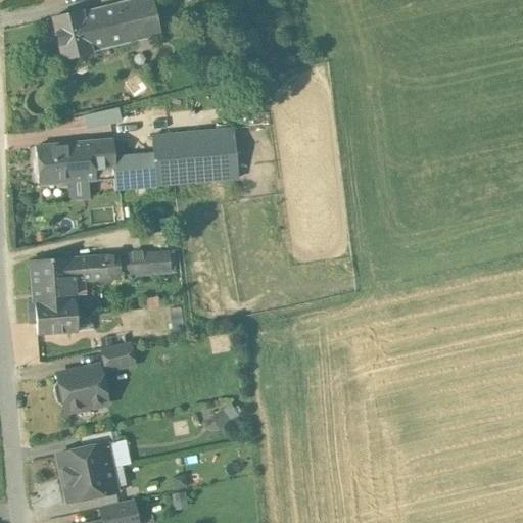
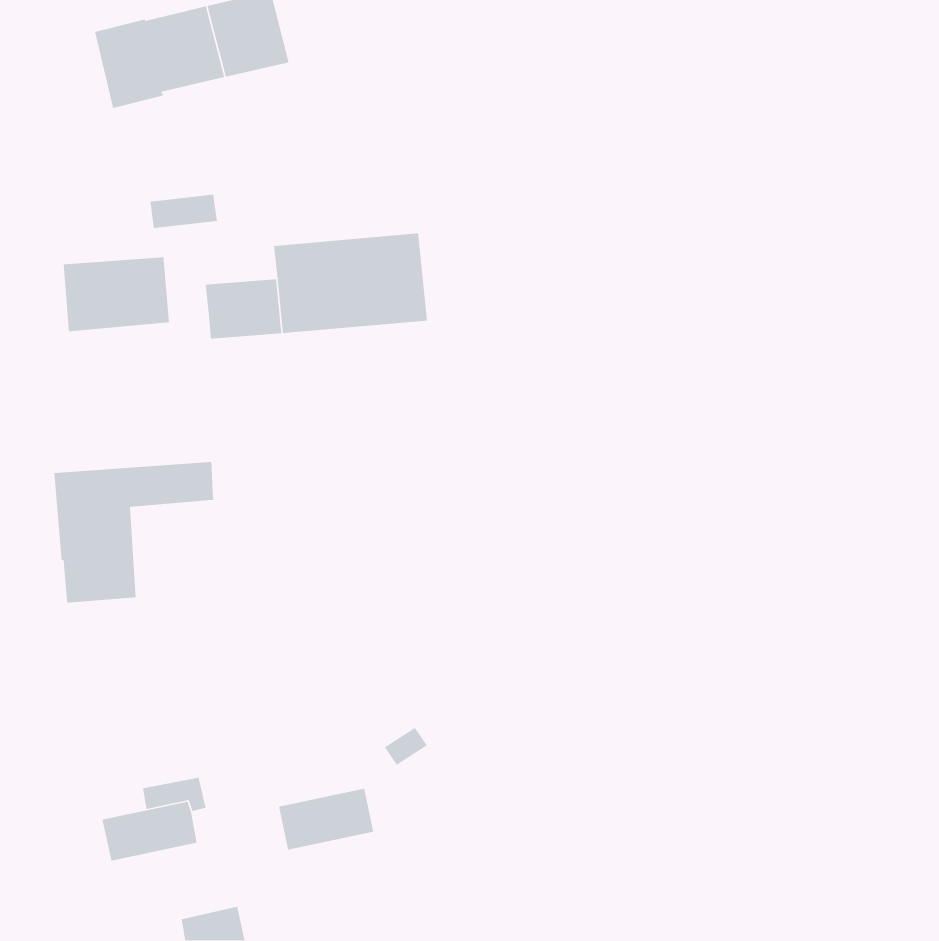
building: [93,140,117,179] -> none
building: [120,250,172,277] -> none
building: [103,343,135,370] -> none
building: [55,365,108,411] -> none
building: [63,467,116,502] -> [278,788,374,850]

